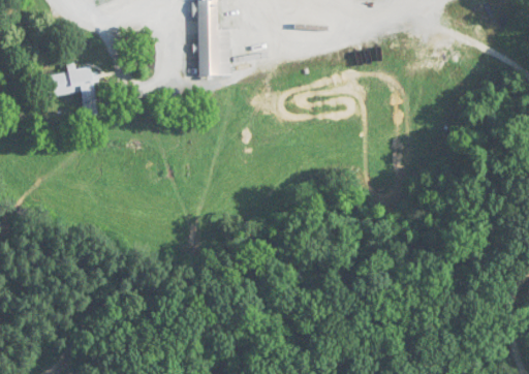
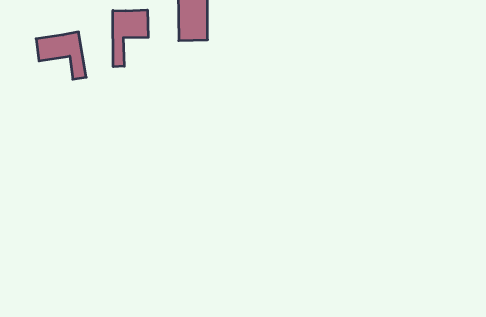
building: none -> [113,10,148,67]

